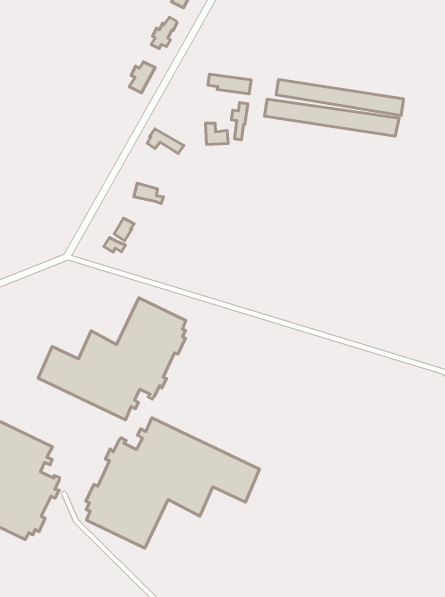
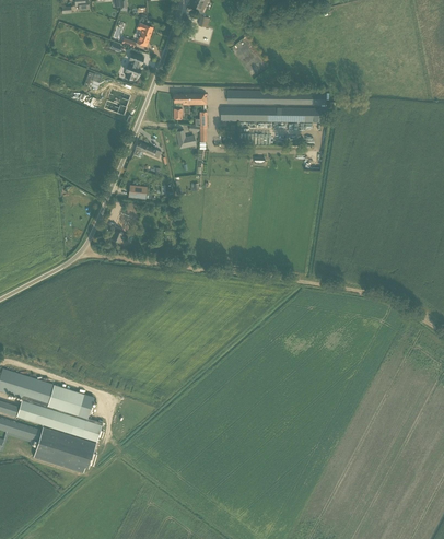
building: [38,298,186,420] -> none
building: [86,418,260,548] -> none

